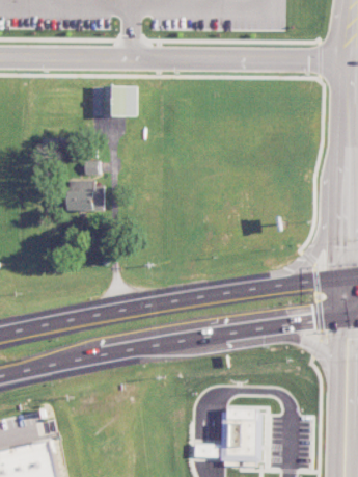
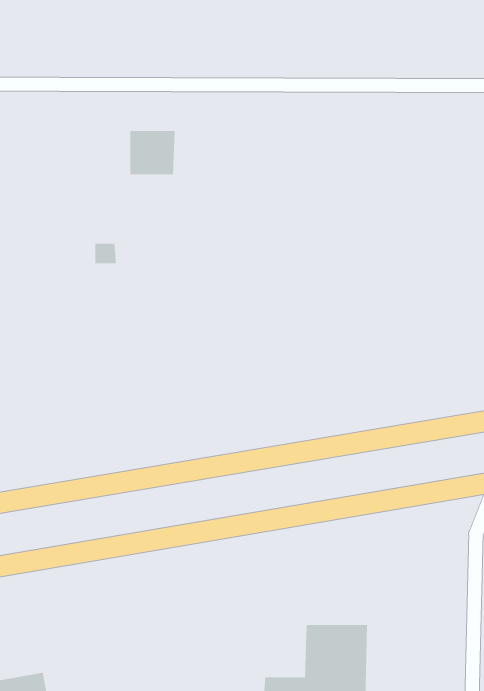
building: [66,182,102,211] -> none

